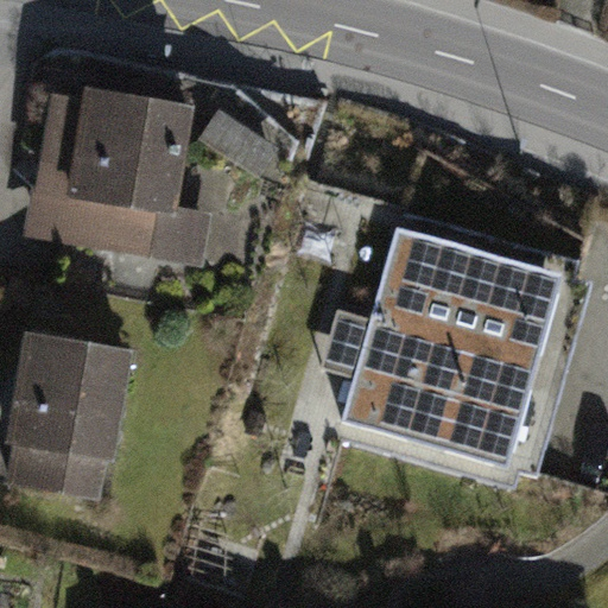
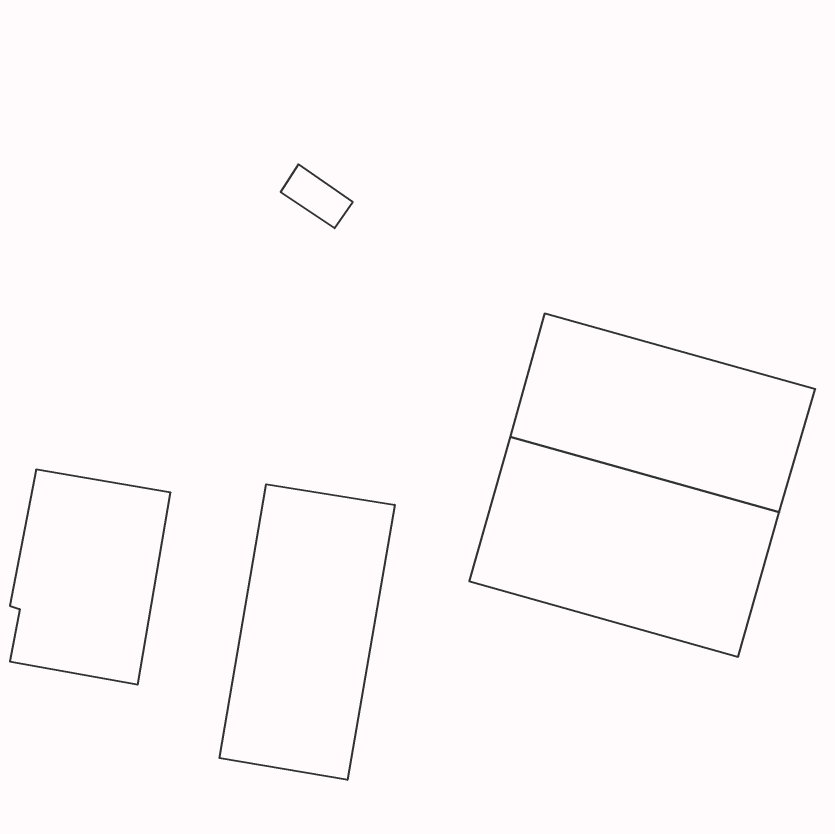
building: [23,93,192,254] -> none
building: none -> [219,484,395,780]

